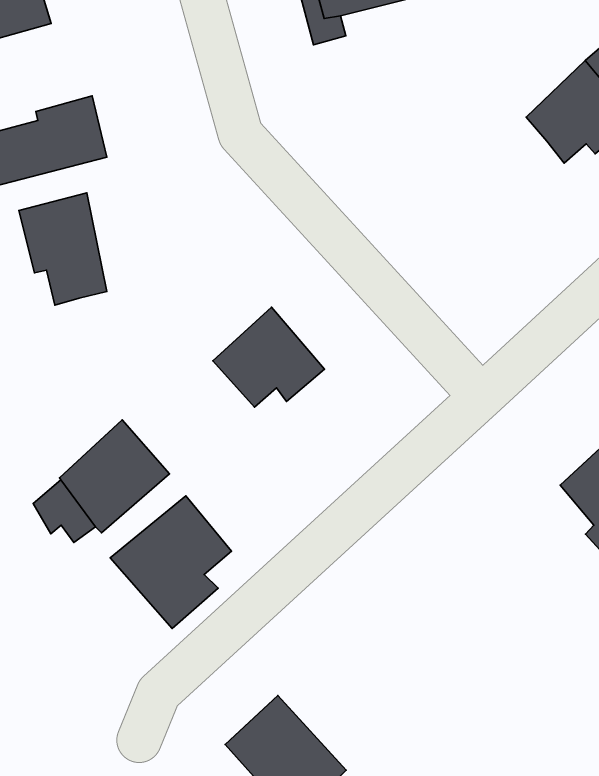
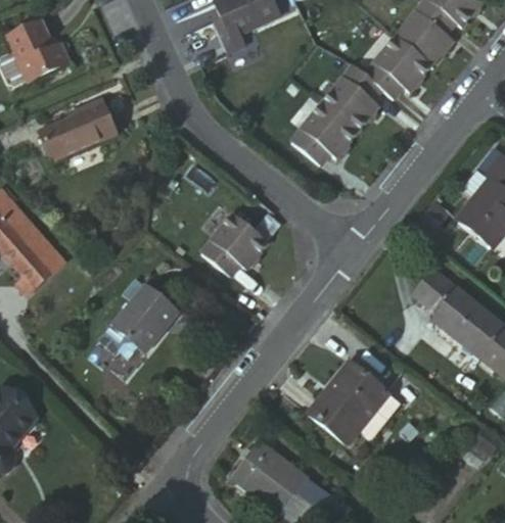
building: none -> [284,65,373,163]
building: [19,193,107,305] -> none
building: [110,496,232,629] -> none
building: none -> [314,365,394,449]

